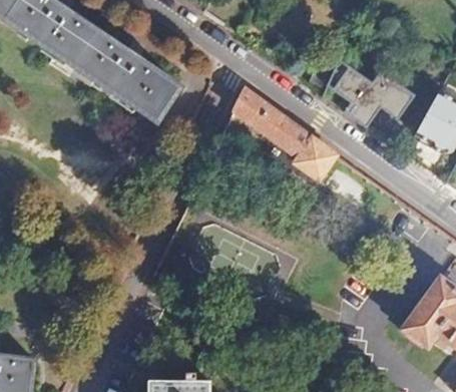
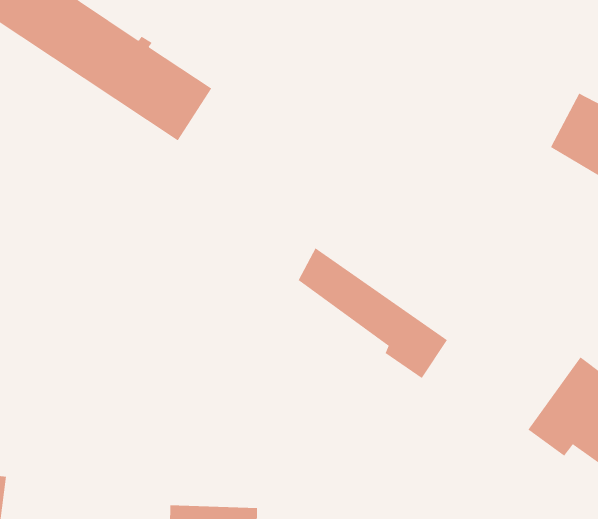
building: [344,60,422,118] -> none
building: [233,86,338,178] -> [298,248,448,379]

